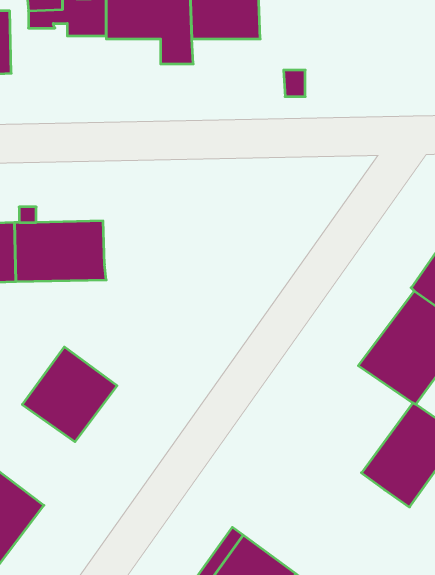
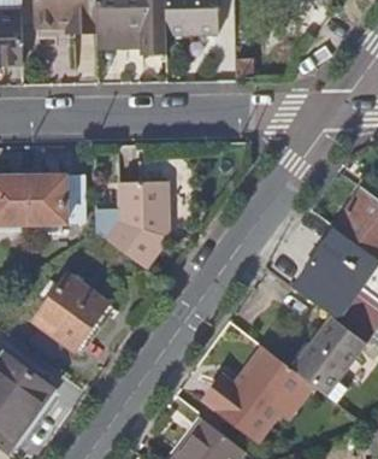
building: none -> [95,181,169,269]
building: none -> [207,347,312,439]

